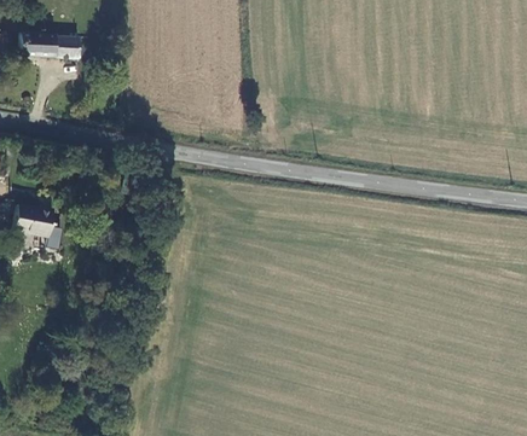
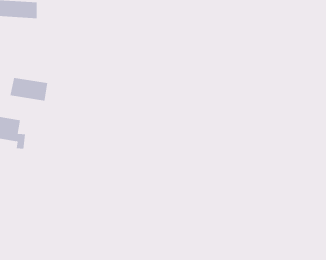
building: none -> [10,77,48,102]

